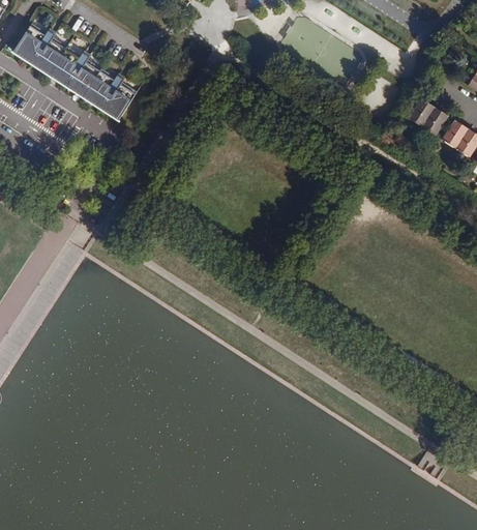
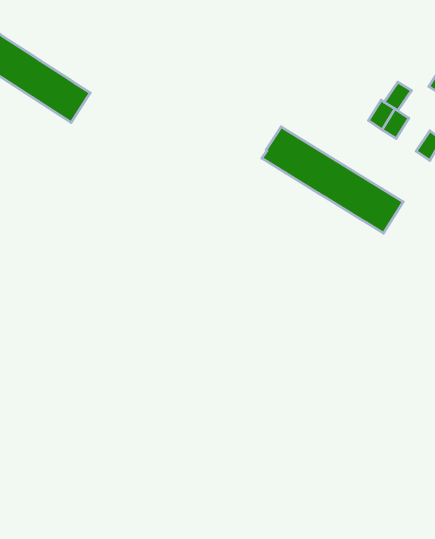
building: [441,120,468,148] -> [384,82,412,111]
building: none -> [262,127,403,233]

